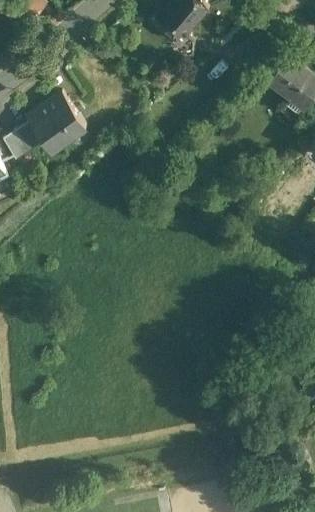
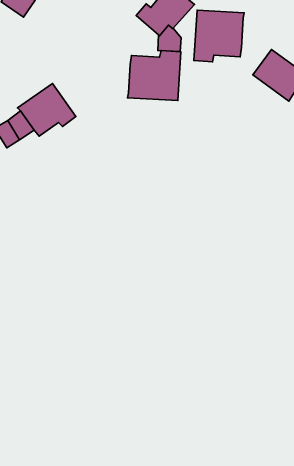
building: none -> [194,10,244,62]
building: none -> [127,51,181,101]

